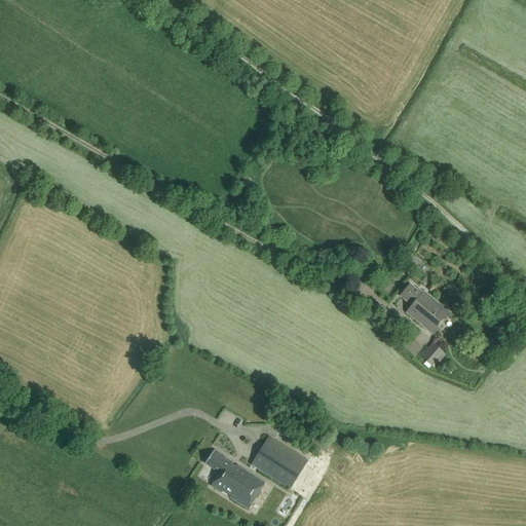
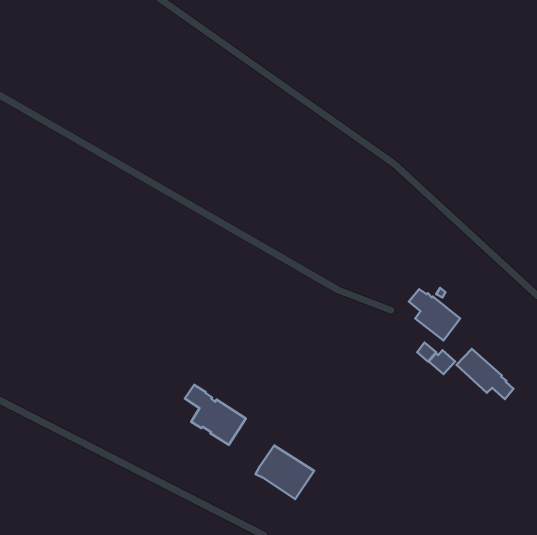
building: none -> [457,349,513,399]
building: [204,449,264,508] -> [185,385,246,445]

